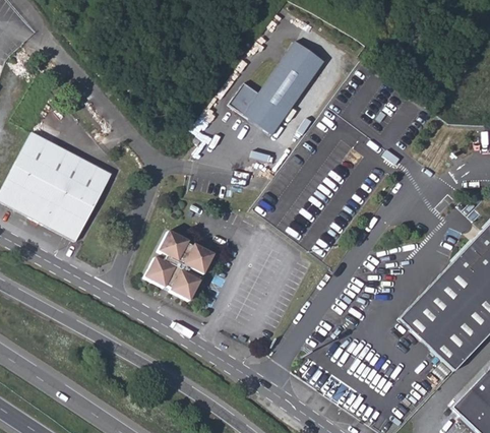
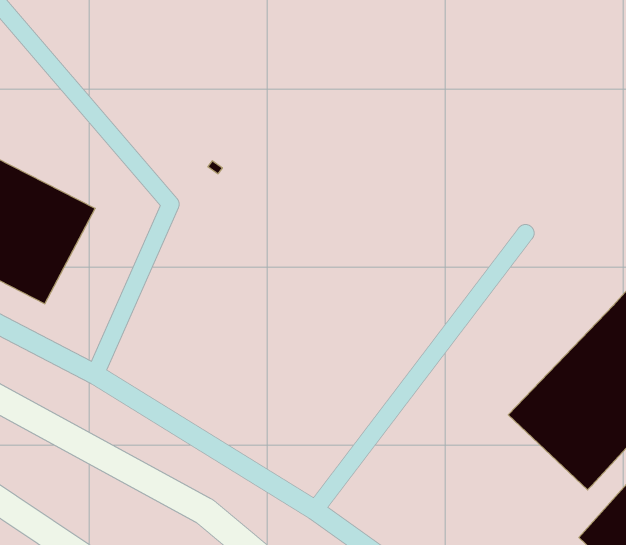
building: [231,43,324,134] -> none
building: [142,231,211,301] -> none

